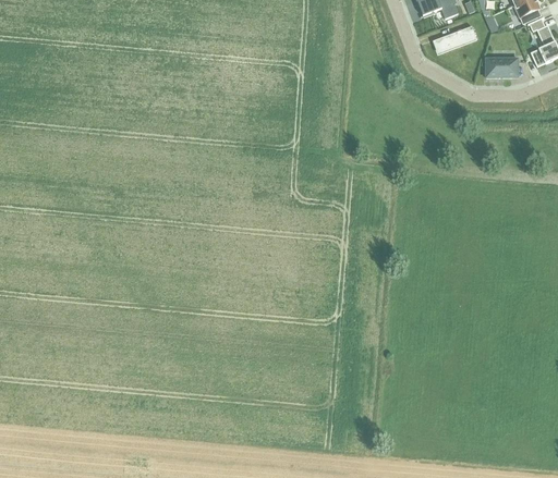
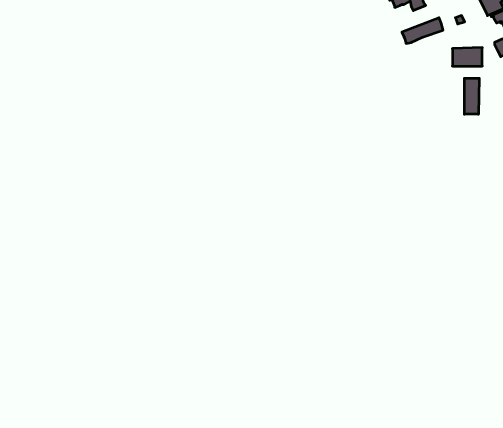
building: none -> [464,78,479,114]

